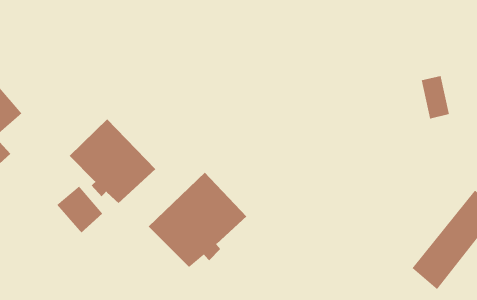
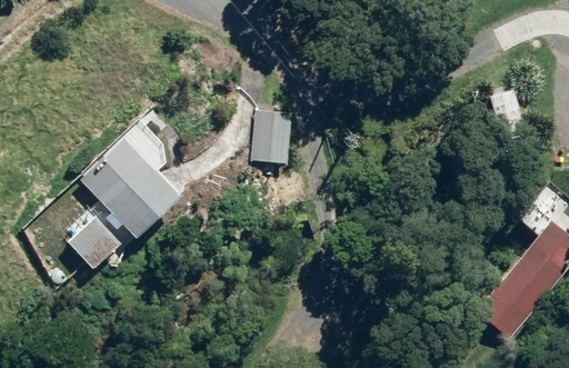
building: none -> [249,110,288,162]
building: [148,172,247,268] -> none

